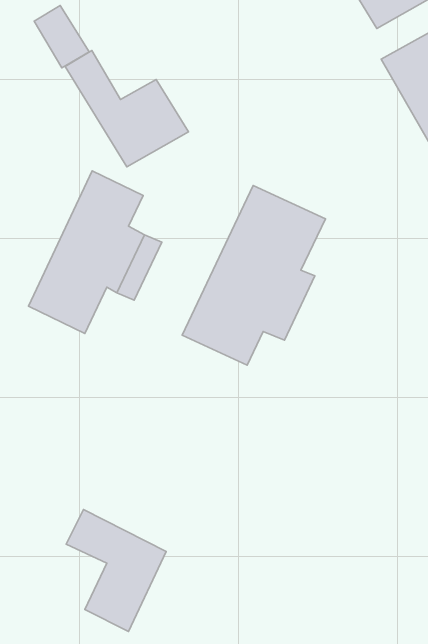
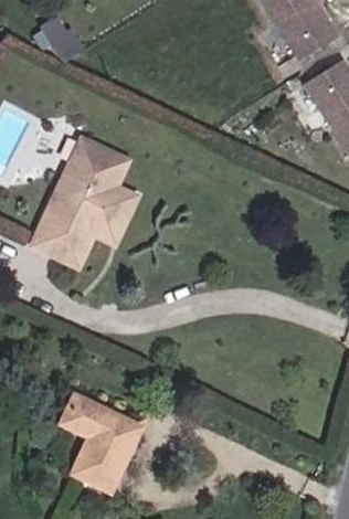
building: [65,50,188,167] -> none
building: [182,185,326,365] -> none

